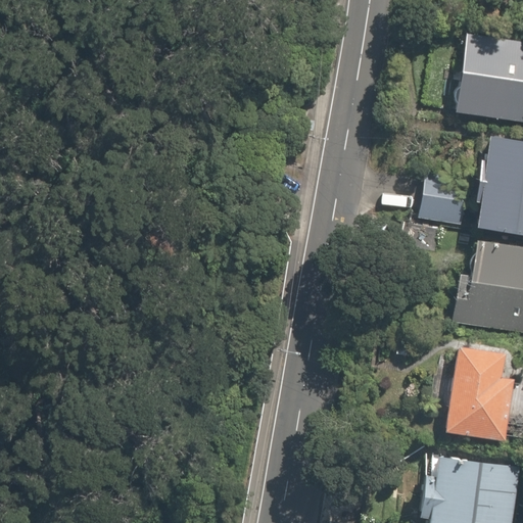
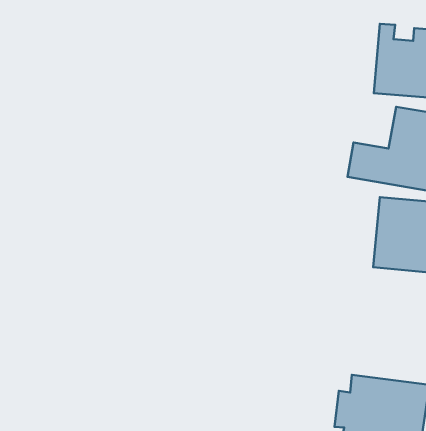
building: [447,345,516,441] -> none

